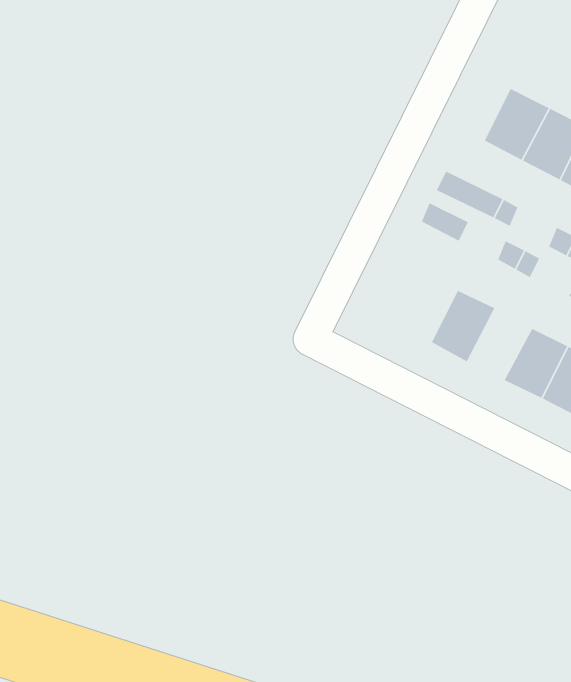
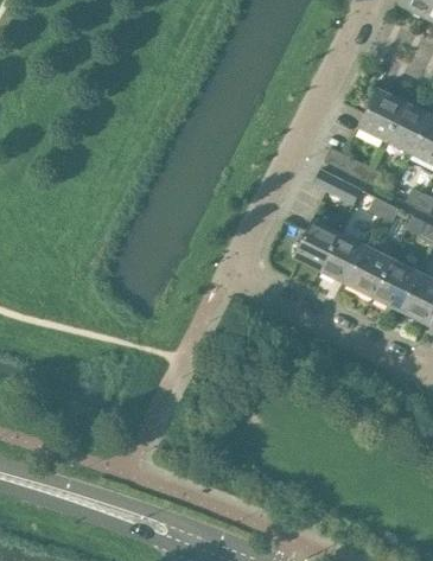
building: none -> [293,218,339,270]
building: none -> [346,246,393,298]

